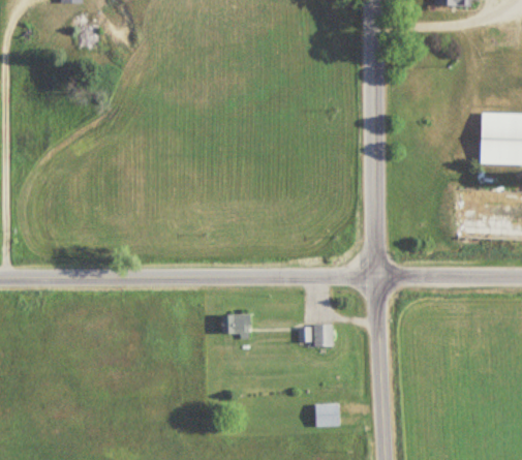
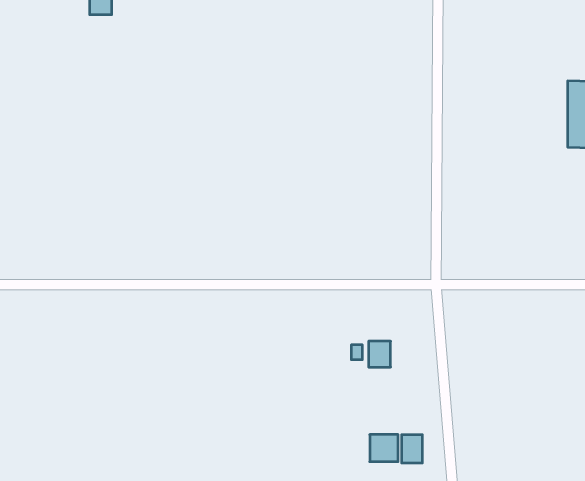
building: [221,315,249,336] -> none
building: none -> [402,435,422,463]

